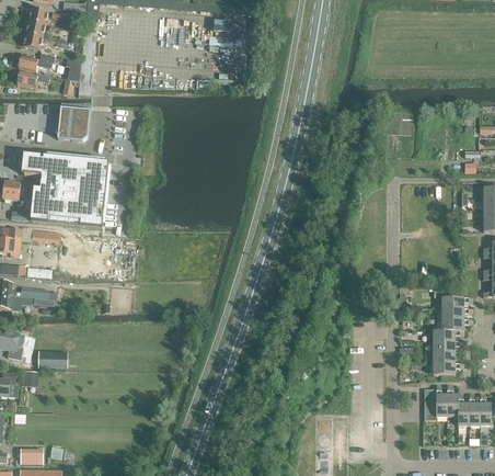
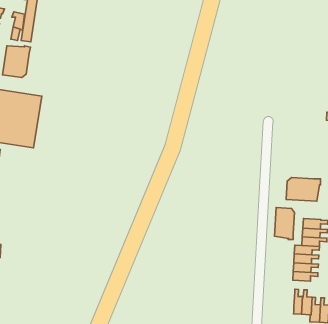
building: none -> [286,177,320,201]
building: none -> [275,208,295,239]

